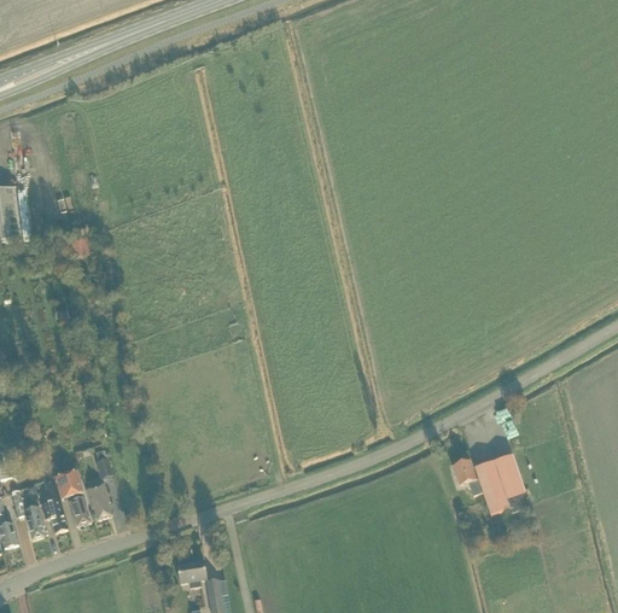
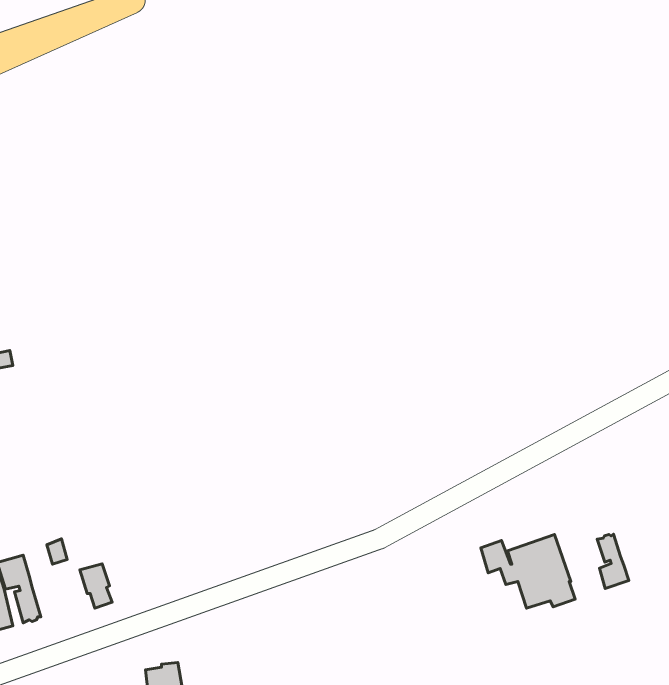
building: none -> [597,534,629,589]
building: [83,481,110,518] -> [80,564,112,608]

